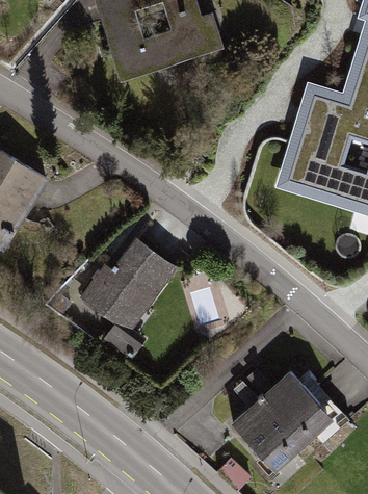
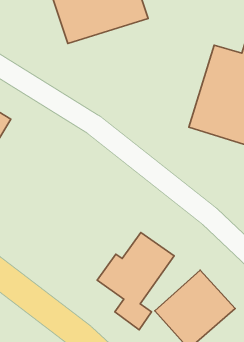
building: [79,237,178,362] -> [97,232,174,330]

